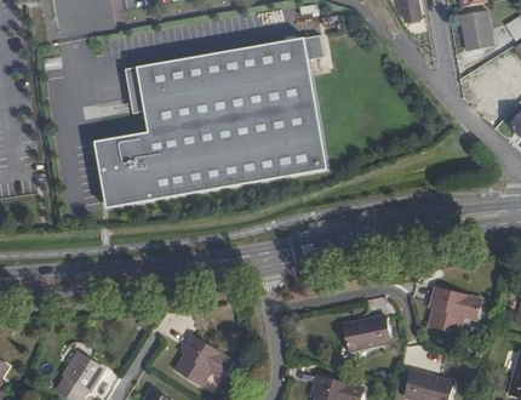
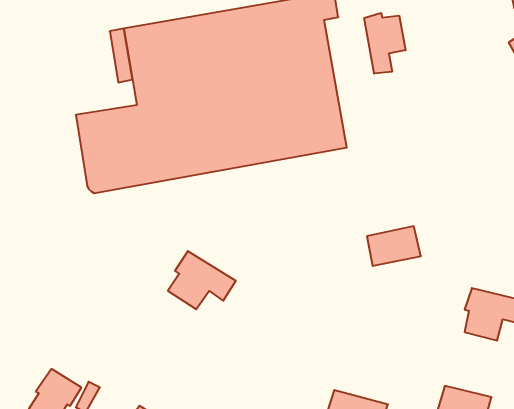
building: none -> [364,13,406,74]
building: [343,315,389,349] -> [367,226,421,266]
building: [174,335,233,384] -> [168,251,236,309]

